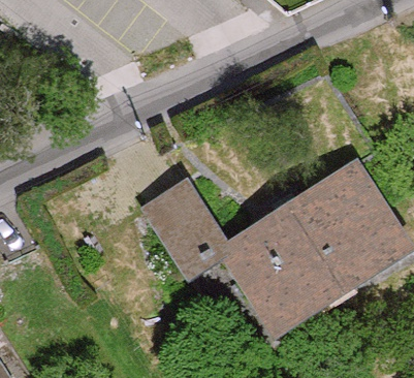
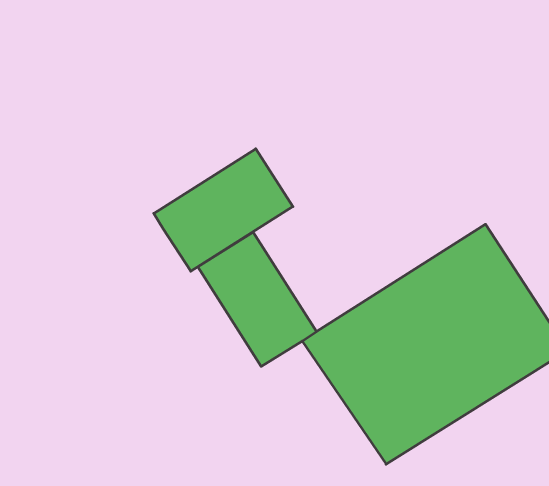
building: none -> [154,149,293,271]

